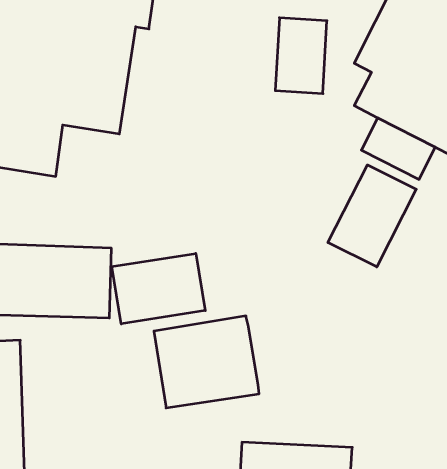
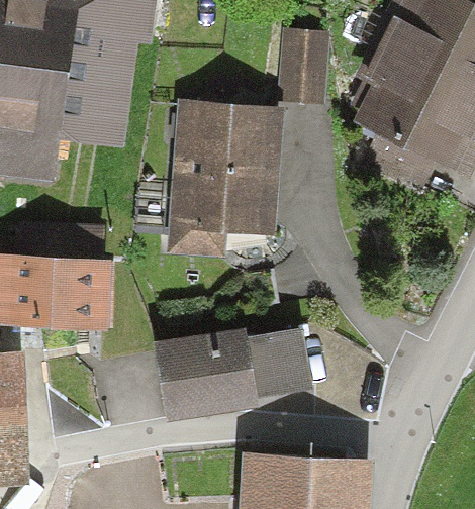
building: none -> [168,99,284,258]
building: [328,165,416,267] -> none
building: [112,253,205,324] -> none
building: none -> [250,327,314,396]

